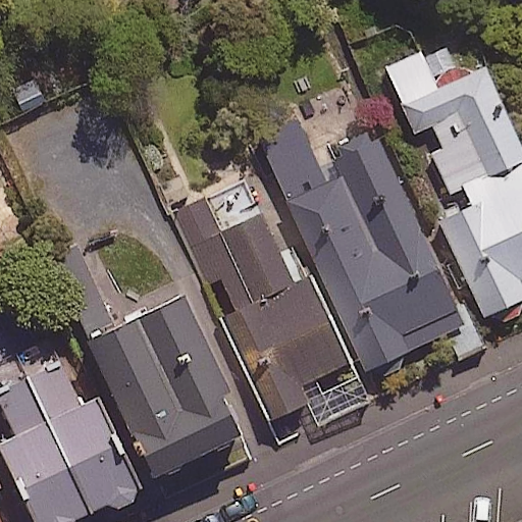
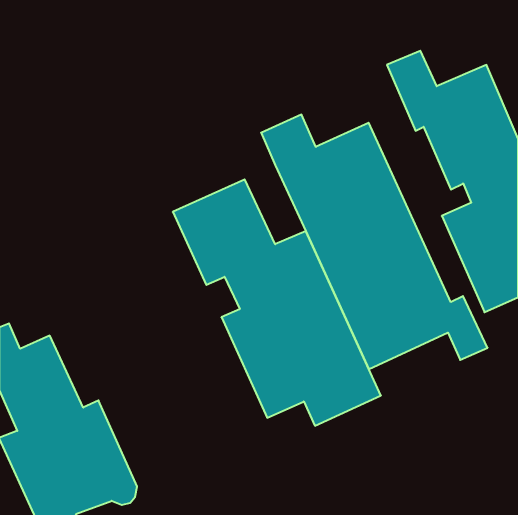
building: [83,285,241,476] -> none

